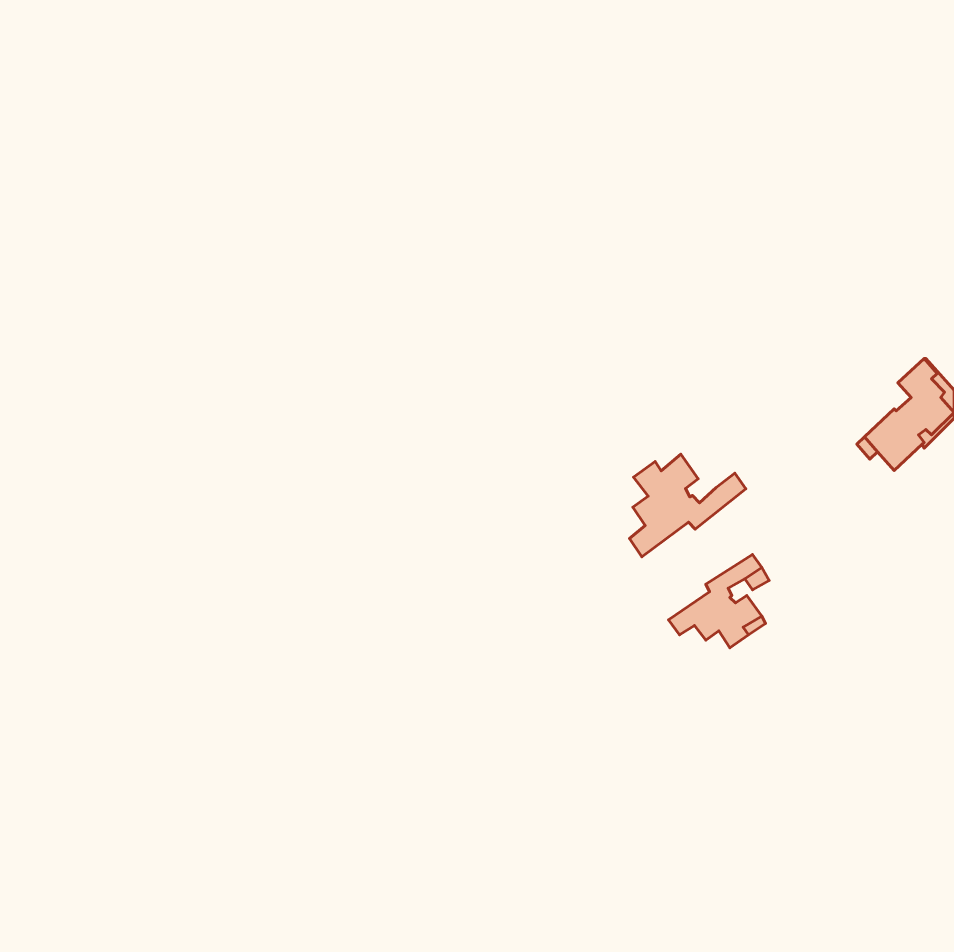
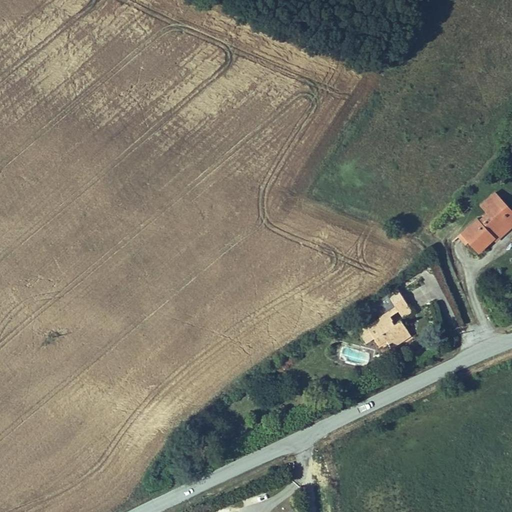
building: [629,454,746,557] -> none

